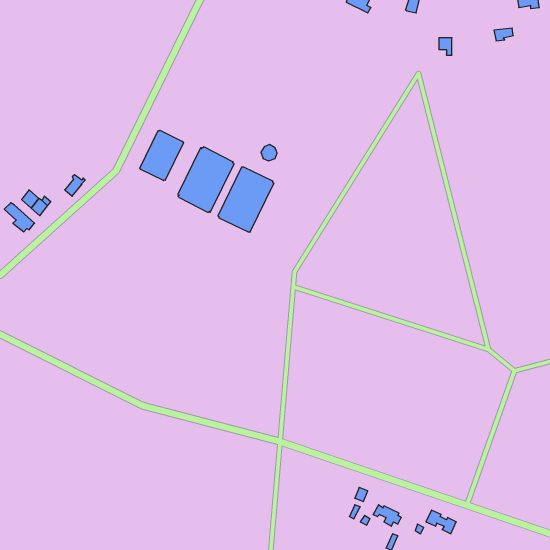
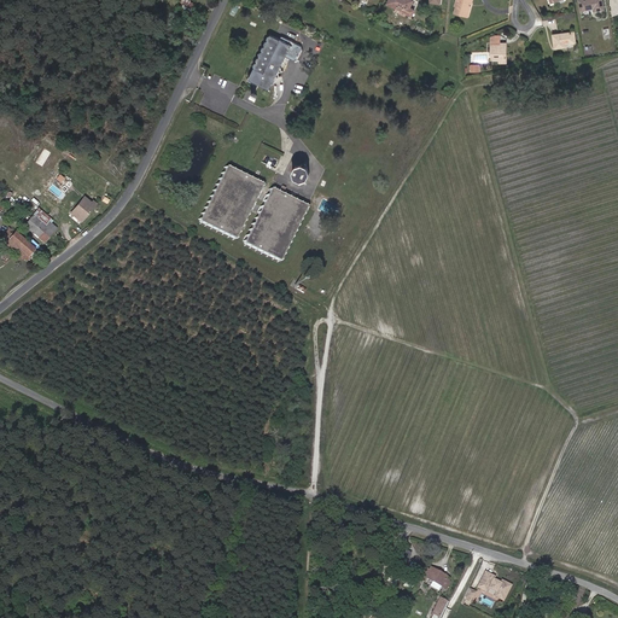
building: none -> [250,33,293,88]
building: [140,130,184,181] -> none

